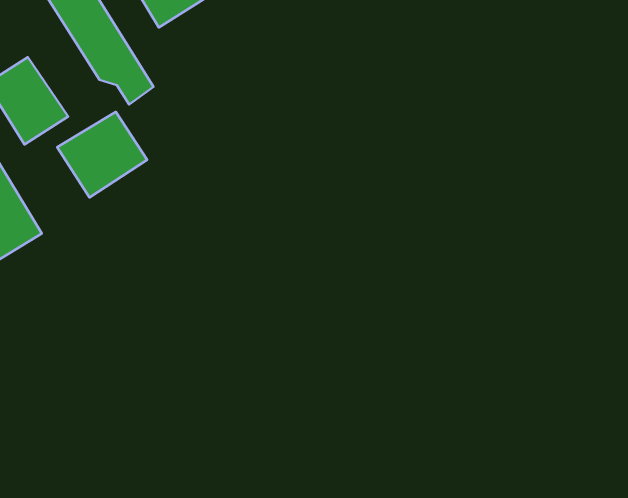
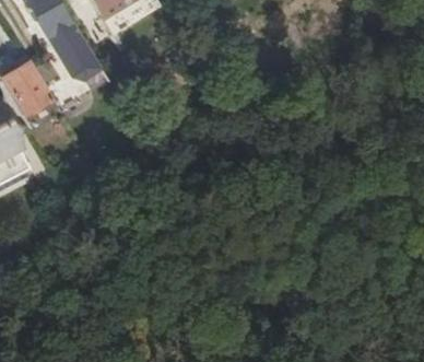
building: [57,112,147,198] -> none

